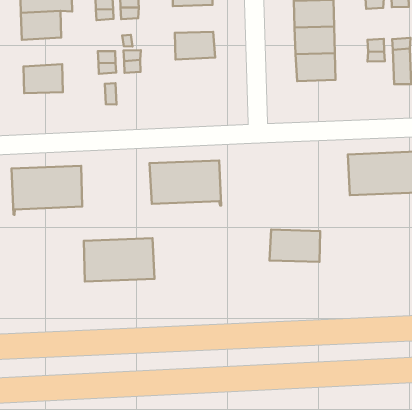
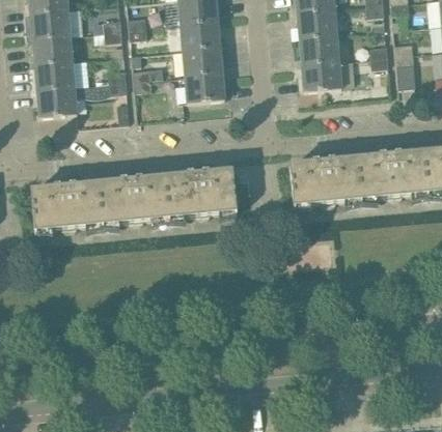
building: none -> [163,21,220,50]
building: none -> [34,60,75,90]
building: none -> [185,71,225,102]
building: none -> [289,159,361,209]
building: [84,238,154,281] -> [99,177,169,223]

